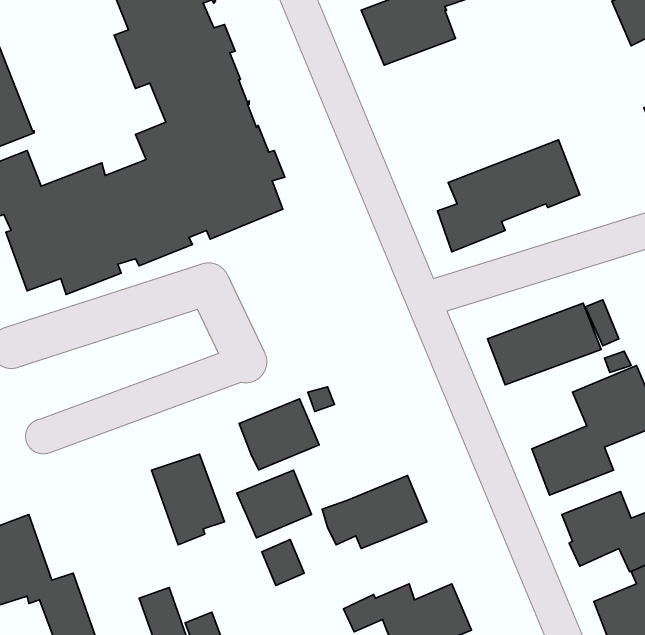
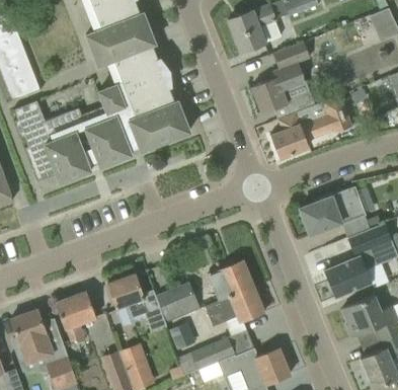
building: none -> [252,42,311,113]
building: [239,399,319,470] -> [209,259,254,300]
building: none -> [56,291,97,344]
building: none -> [191,336,235,370]

